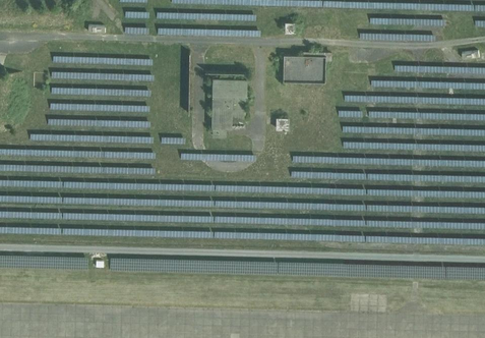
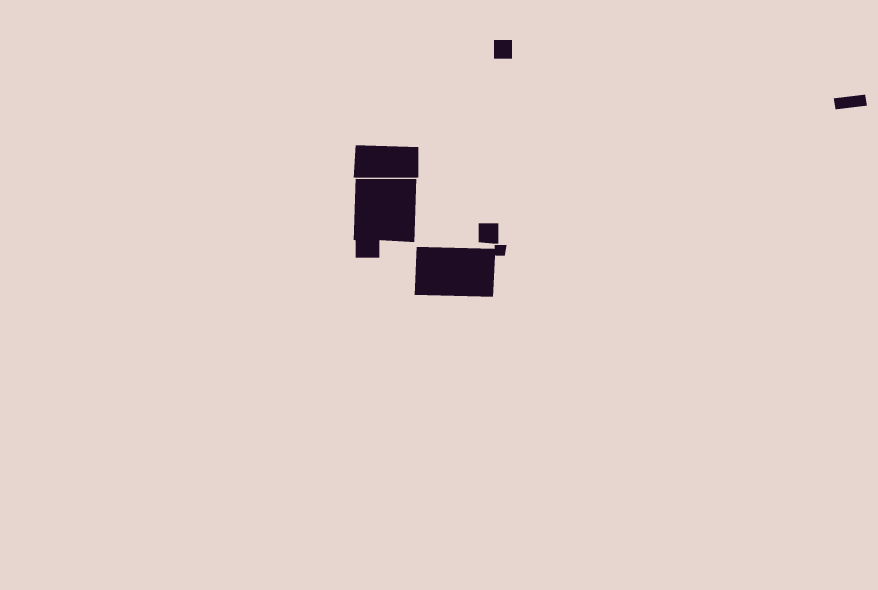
building: [279,54,327,81] -> [414,244,507,297]

